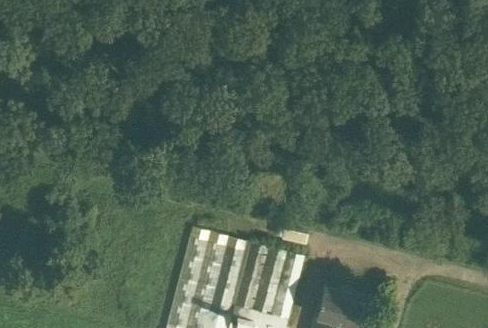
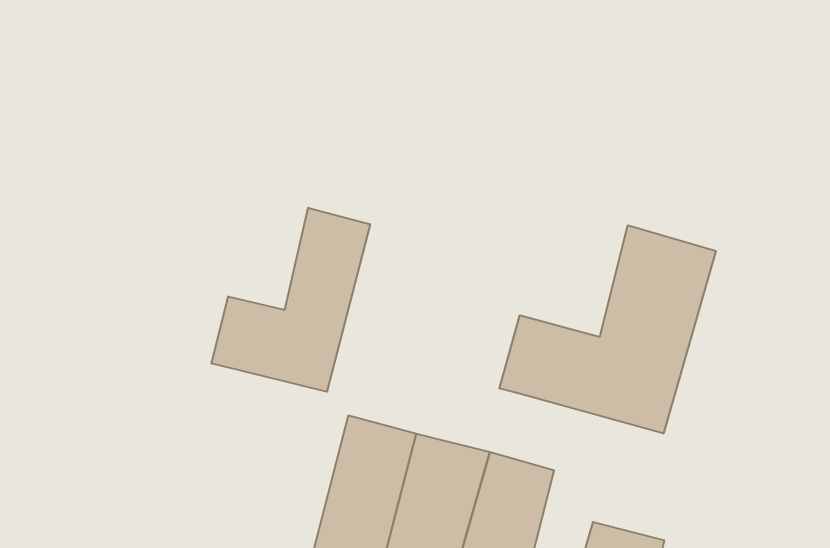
building: none -> [211,208,370,392]
building: none -> [499,225,716,434]

